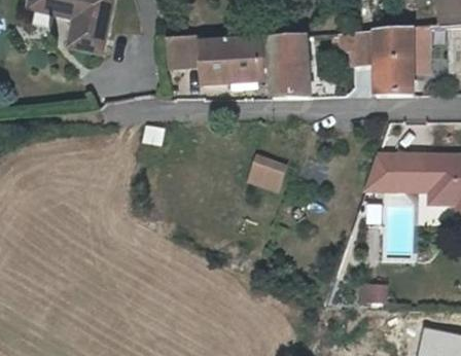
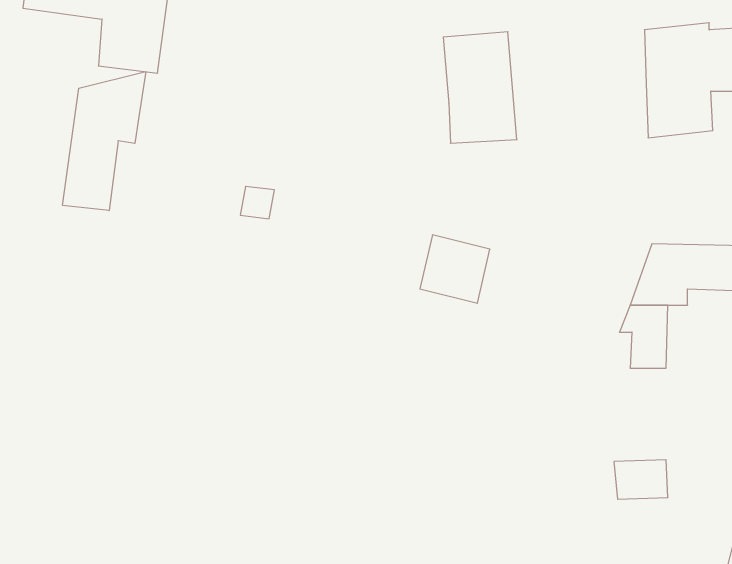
building: [341,31,376,63] -> none
building: [161,35,262,82] -> none
building: none -> [63,72,146,211]

